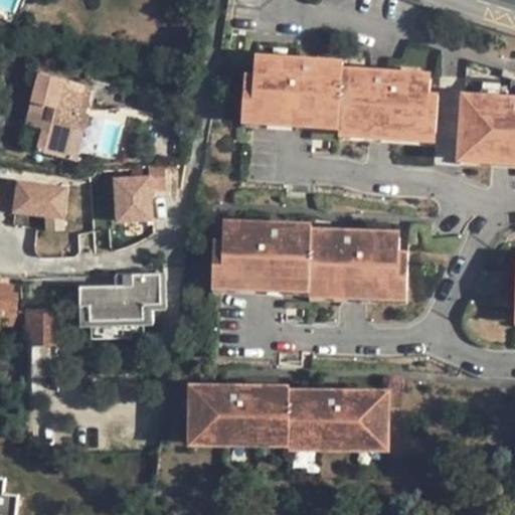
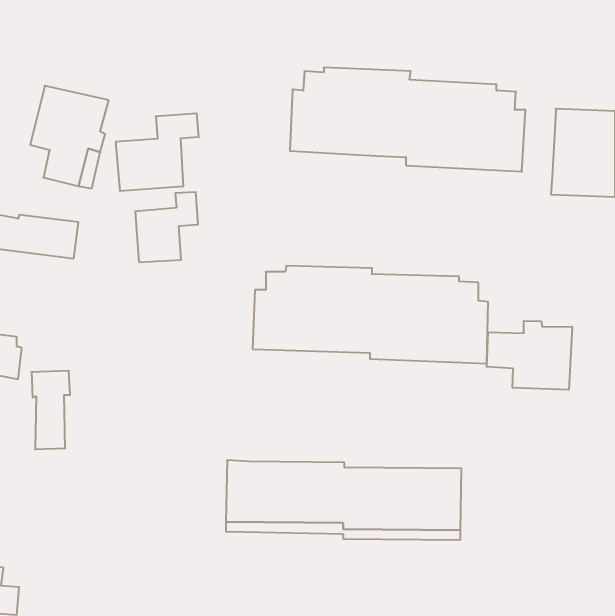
building: none -> [116,113,199,191]
building: none -> [487,321,572,390]
building: [79,271,155,325] -> none

